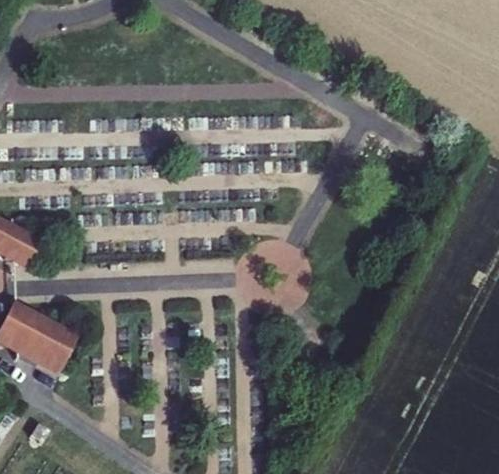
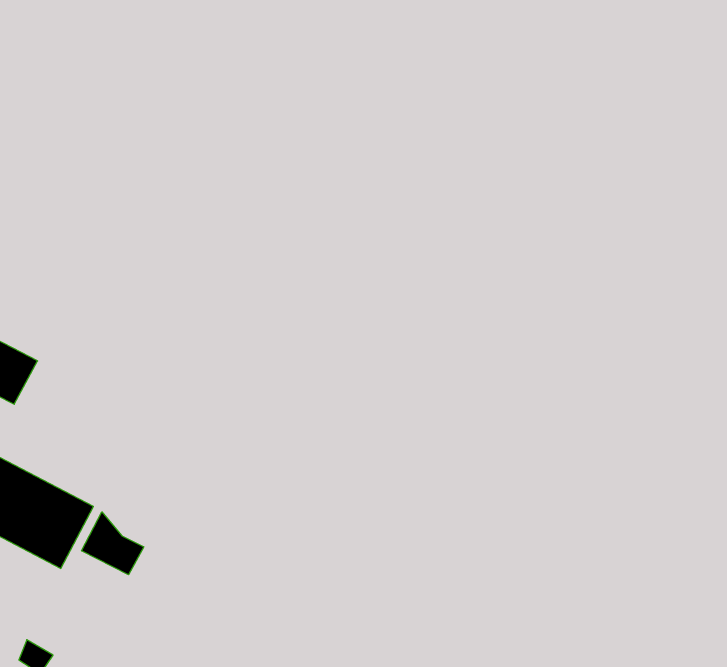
building: none -> [82,512,144,575]

